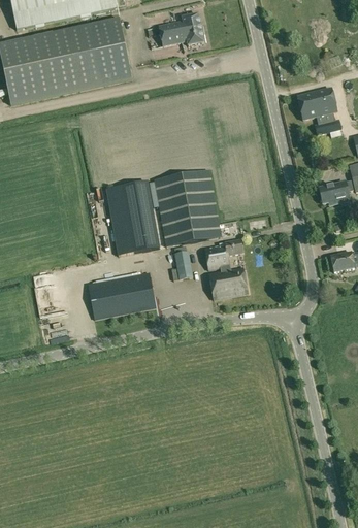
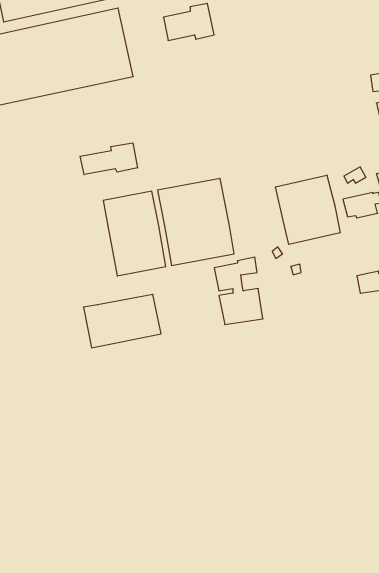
building: [297,88,341,134] -> none
building: none -> [80,143,137,175]
building: none -> [275,175,340,244]
building: [174,251,193,280] -> none

